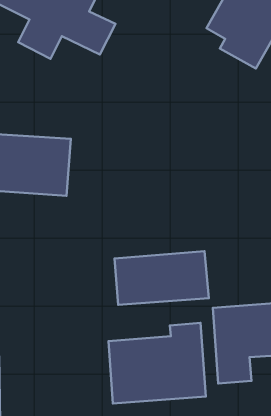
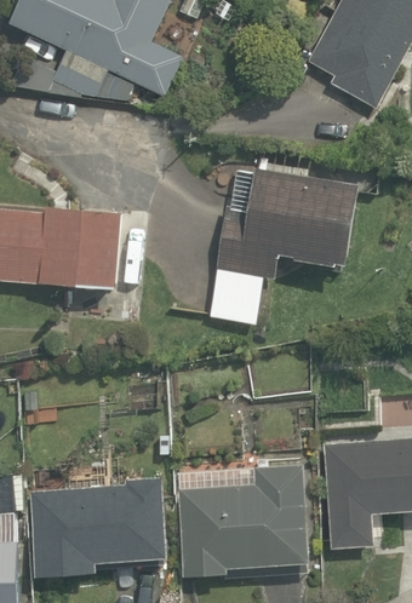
building: none -> [204,159,366,326]
building: [115,251,209,305] -> none
building: none -> [33,483,164,579]

